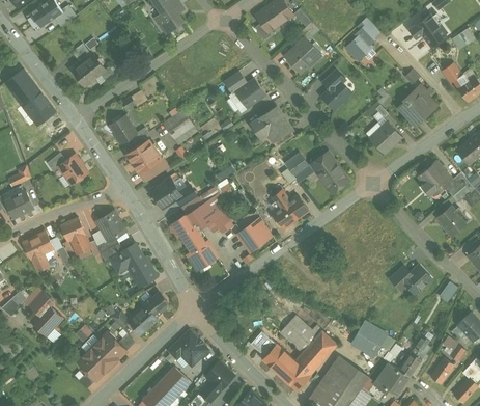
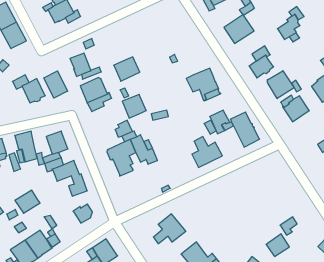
building: [233,77,264,108] -> none
building: none -> [267,71,294,99]
building: none -> [44,71,68,98]
building: [150,178,180,208] -> [122,94,146,118]
building: [237,221,266,251] -> none
building: [188,241,217,266] -> none
building: [402,265,430,293] -> [266,234,289,256]
building: none -> [153,214,186,244]
building: [128,305,158,334] -> [15,190,40,213]

